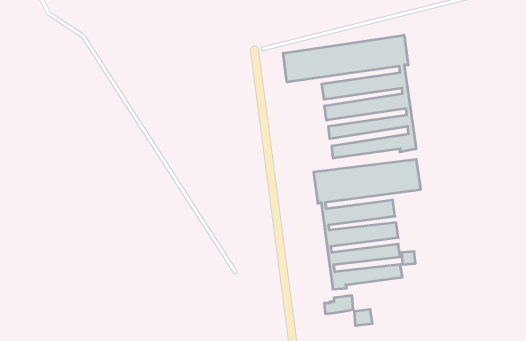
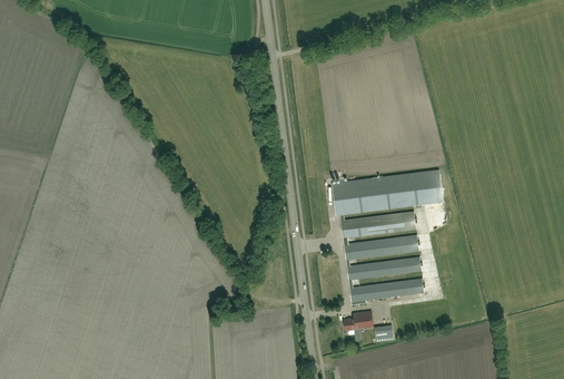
building: [283,35,416,158] -> none

